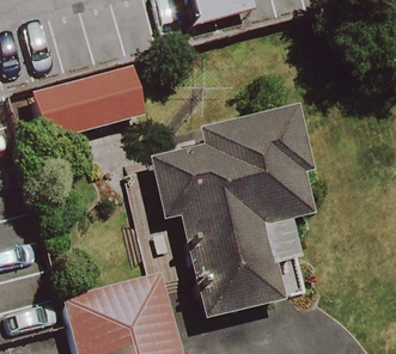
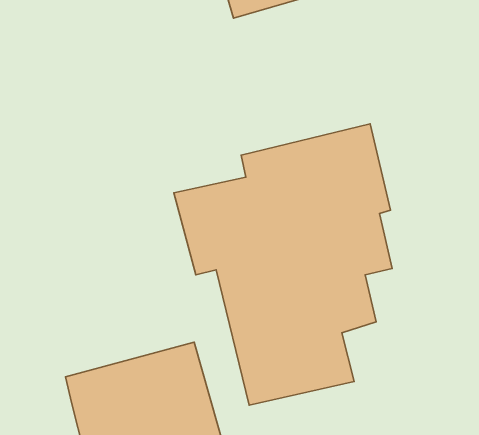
building: [38,61,148,136] -> none

